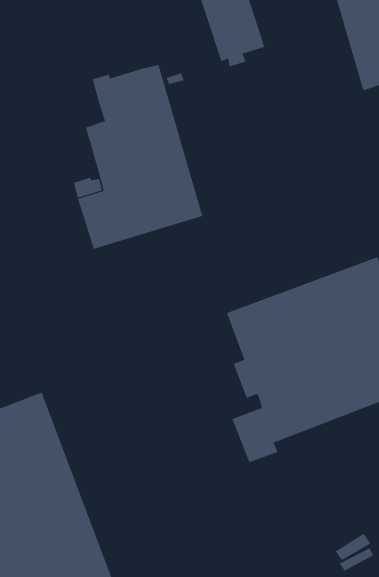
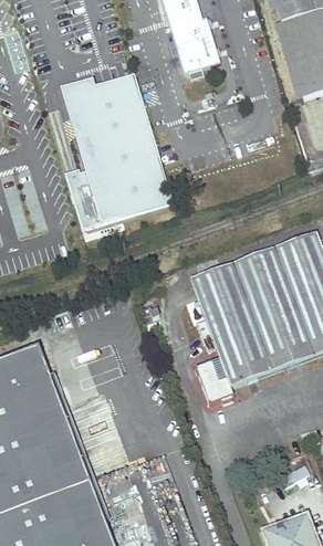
building: none -> [62,78,94,112]

